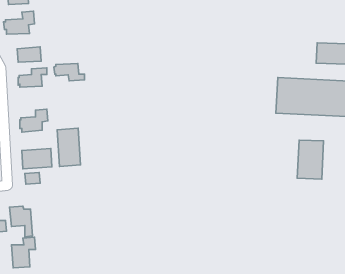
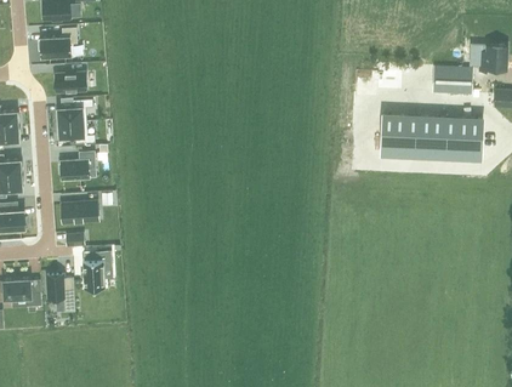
building: [54,63,85,81] -> [56,123,95,144]
building: [57,128,80,167] -> none
building: [297,140,324,179] -> none
building: [11,237,35,268] -> [81,251,112,290]

